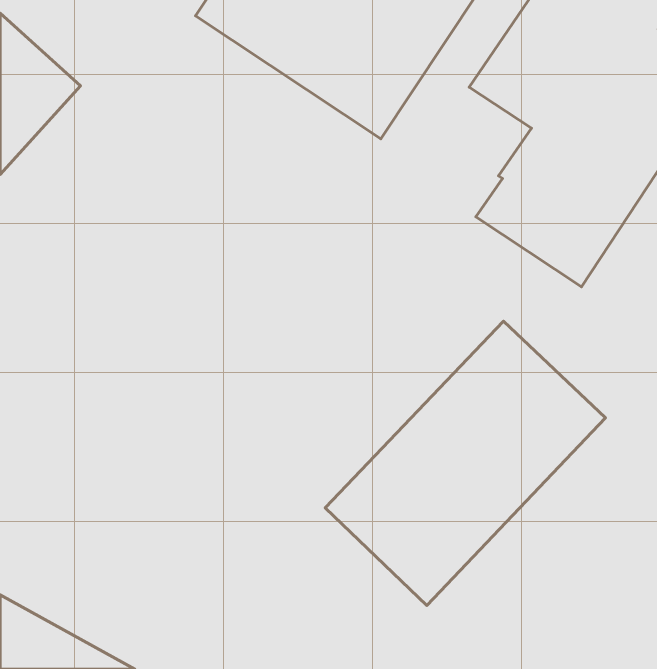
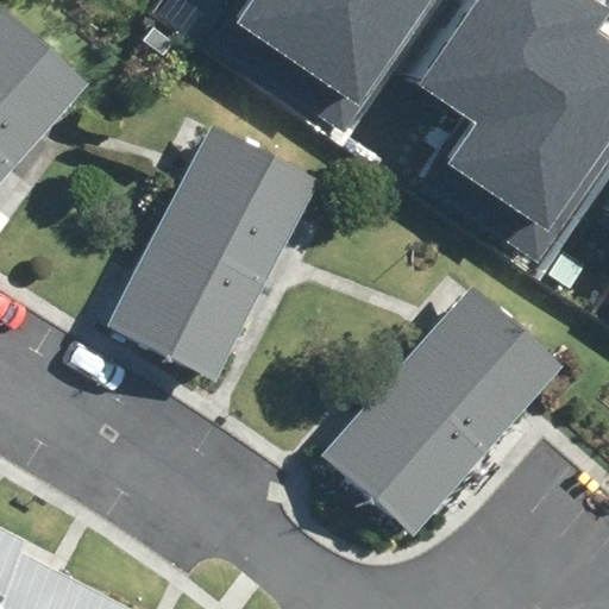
building: none -> [106,124,315,383]

